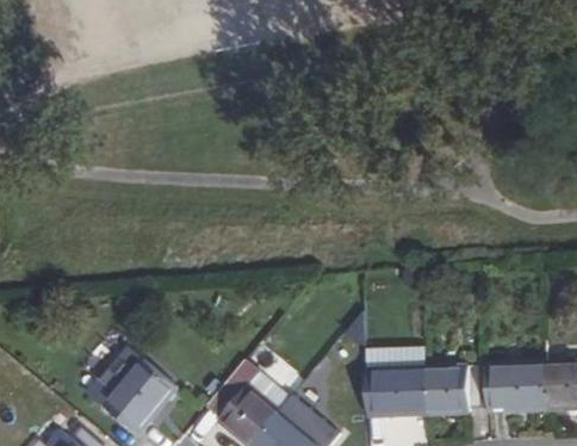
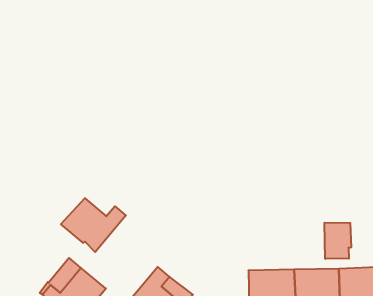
building: none -> [61,198,126,252]
building: none -> [325,223,351,259]

